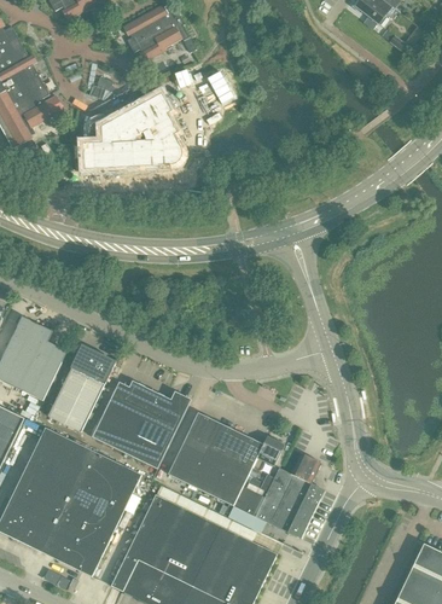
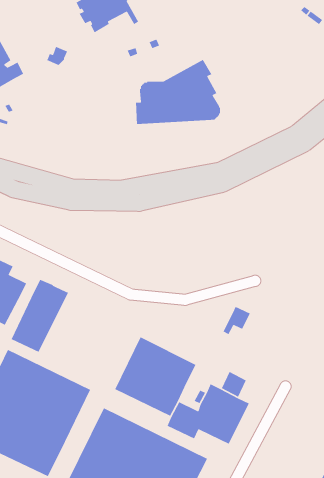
building: [82,93,181,169] -> [135,59,221,125]
building: [91,381,190,467] -> none
building: [251,436,284,470] -> [222,306,251,335]

